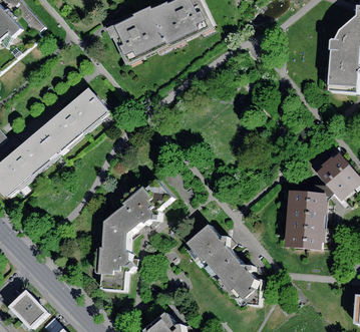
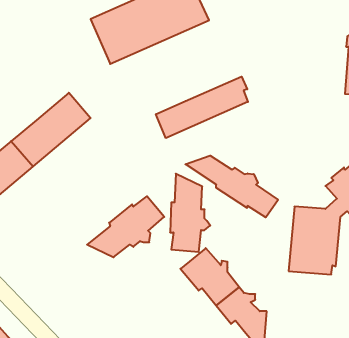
building: none -> [156,77,248,138]
building: none -> [185,156,278,217]
building: [100,222,135,290] -> [170,174,210,252]

